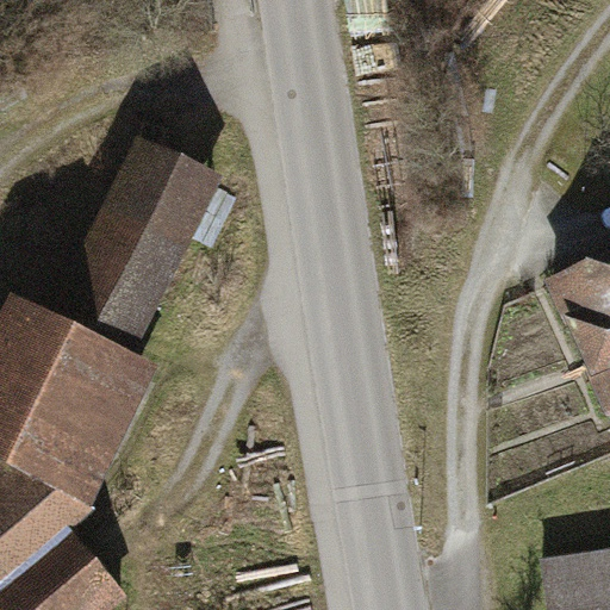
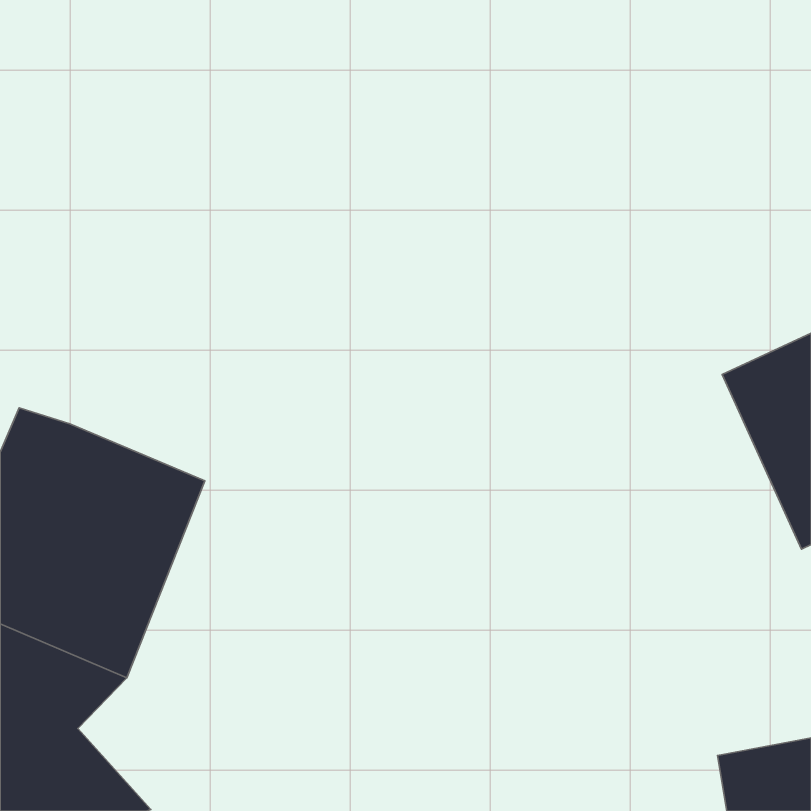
building: [52,129,236,361] -> none

